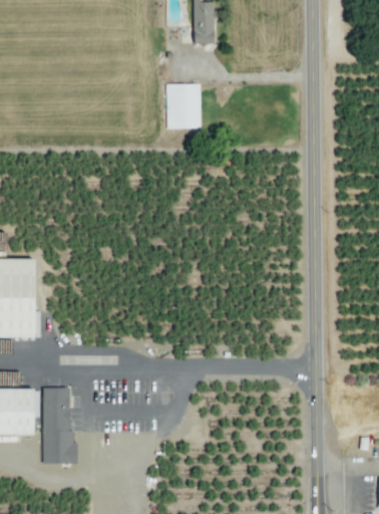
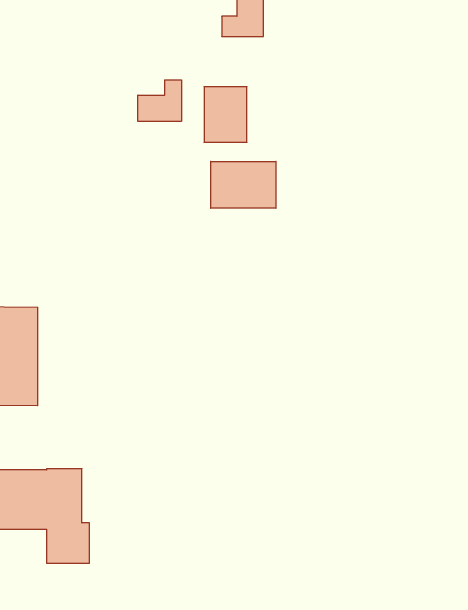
building: none -> [138,80,181,121]
building: none -> [211,161,276,208]

